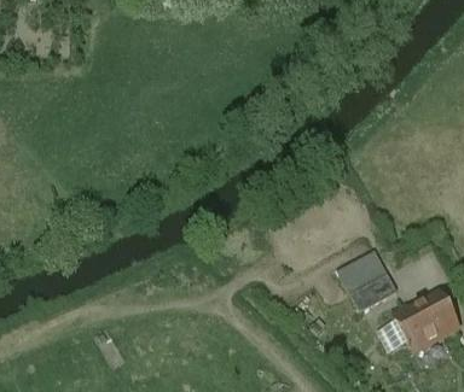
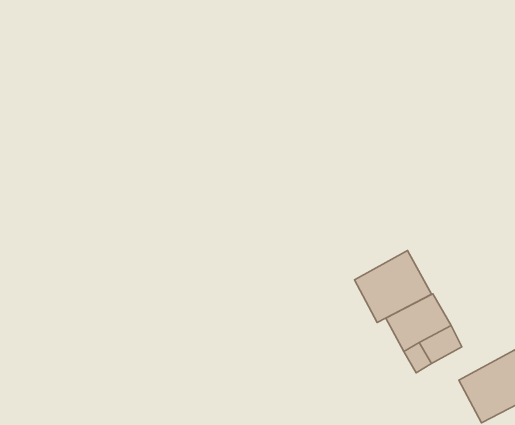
building: none -> [355,251,431,323]

